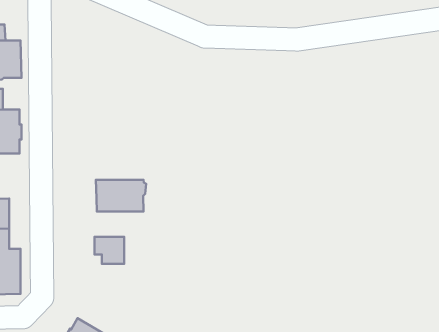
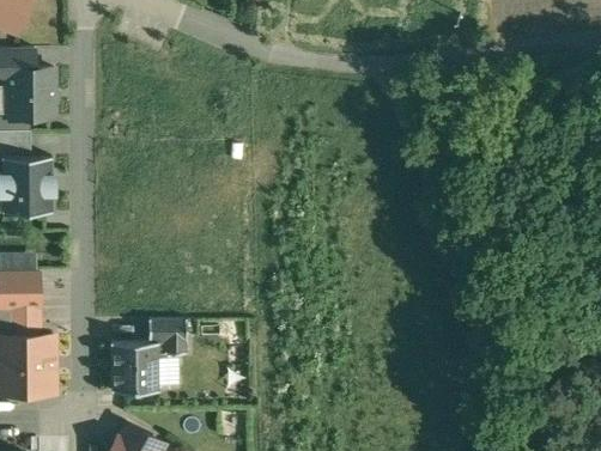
building: [96,180,146,212] -> none
building: none -> [111,341,159,391]

